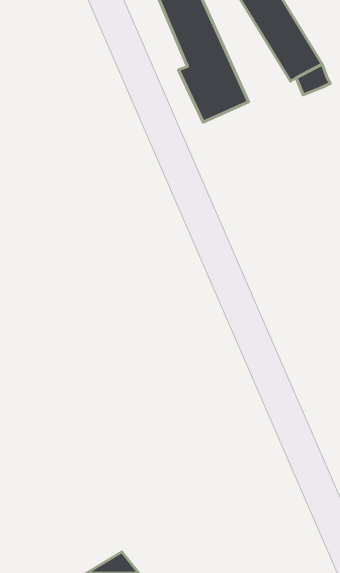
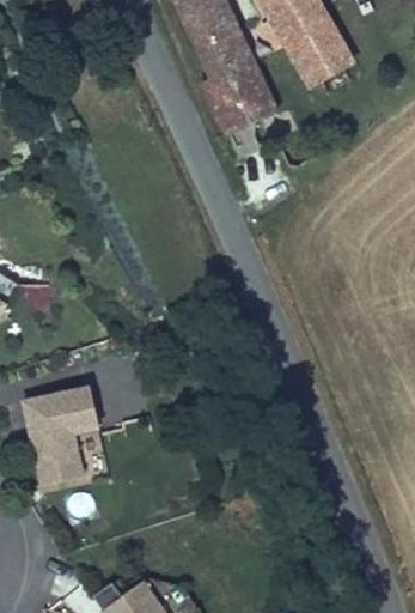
building: none -> [20,386,100,486]

